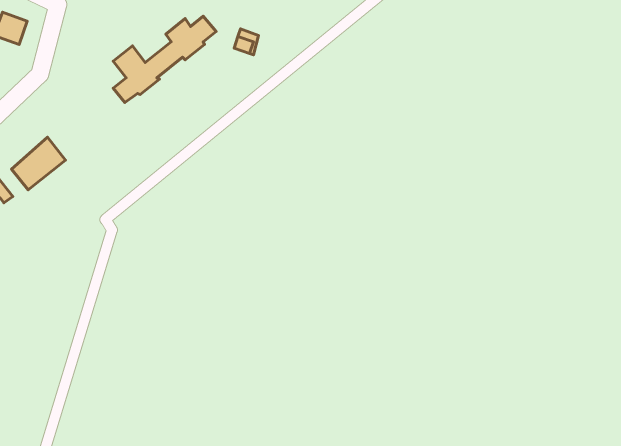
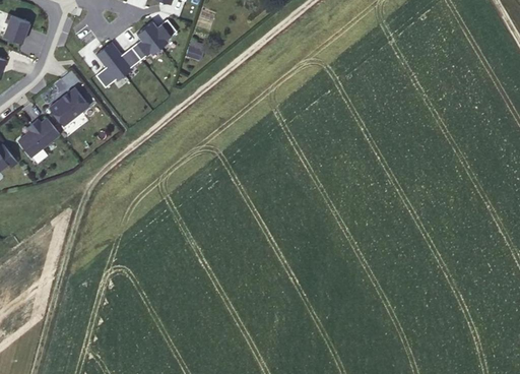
building: none -> [47,85,88,127]

